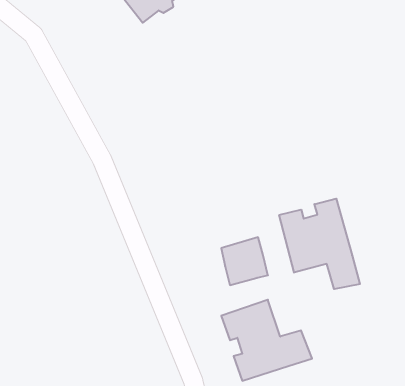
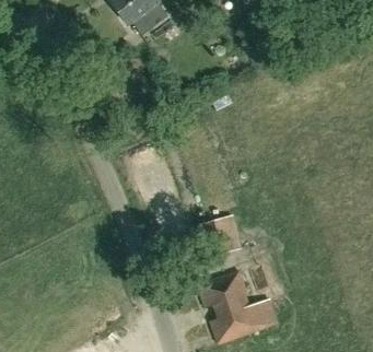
building: [279,199,360,289] -> none

